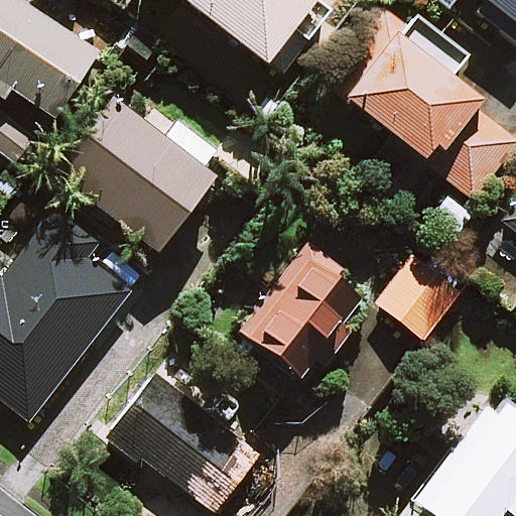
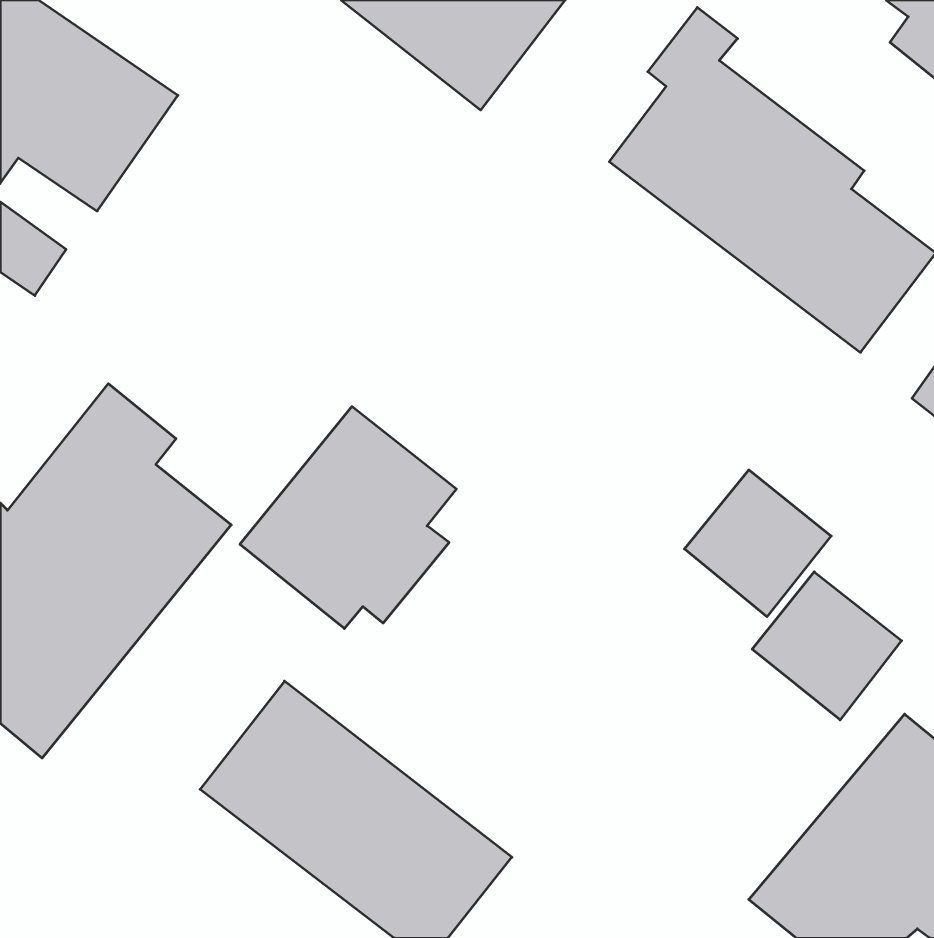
building: [58,99,220,249] -> none
building: [242,250,361,372] -> [240,407,456,629]
building: none -> [752,572,902,720]

